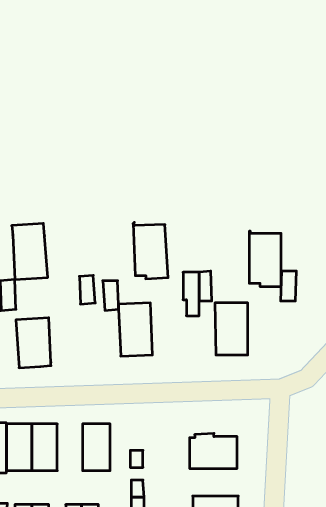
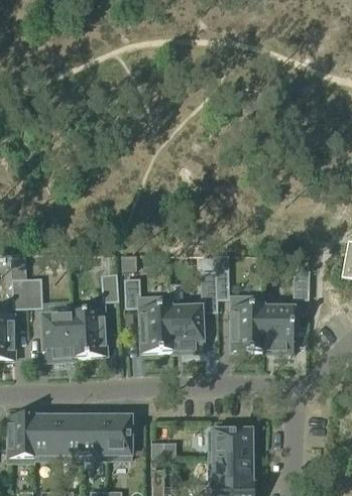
building: [133,222,168,279] -> [170,298,204,352]
building: [12,223,48,280] -> [73,302,107,356]
building: [249,231,281,286] -> [263,299,294,352]
building: none -> [82,414,106,459]
building: none -> [208,457,254,483]

